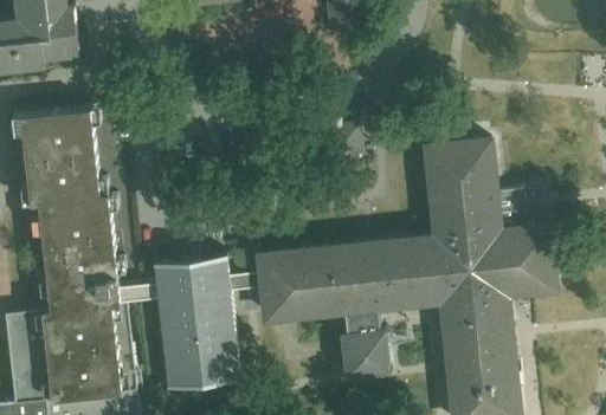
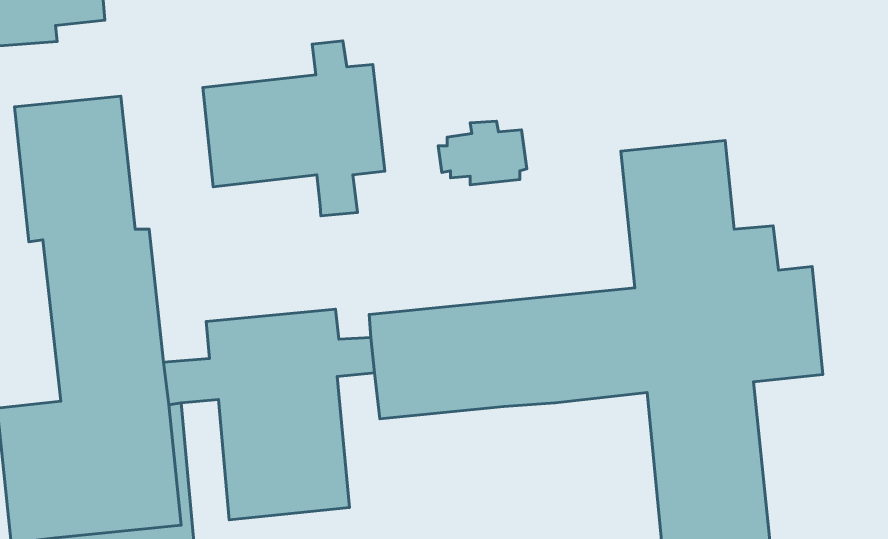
building: none -> [203,41,385,216]
building: [340,311,391,380] -> none

